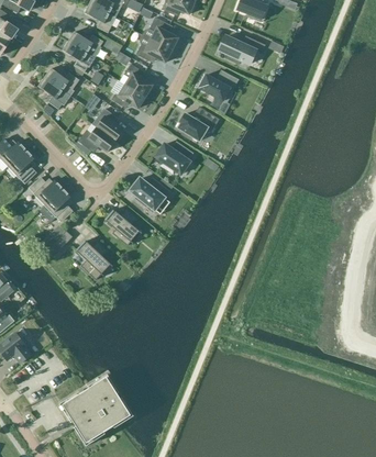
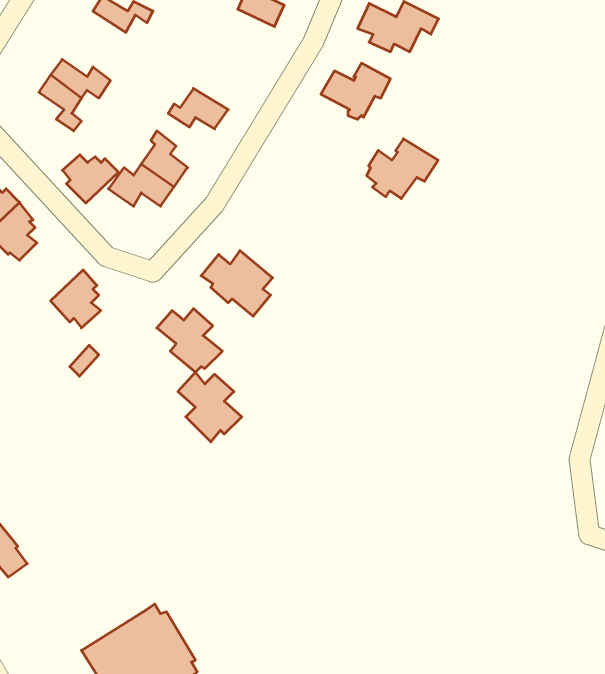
building: [135,40,172,62] -> none
building: [62,41,95,71] -> none
building: [123,64,152,97] -> none
building: [178,107,219,141] -> [367,139,438,199]
building: [155,142,192,174] -> none
building: [31,178,63,205] -> [62,155,119,203]
building: [76,241,112,280] -> [178,372,242,442]

